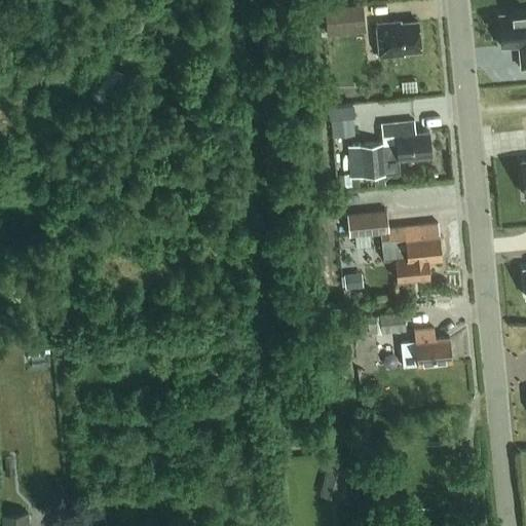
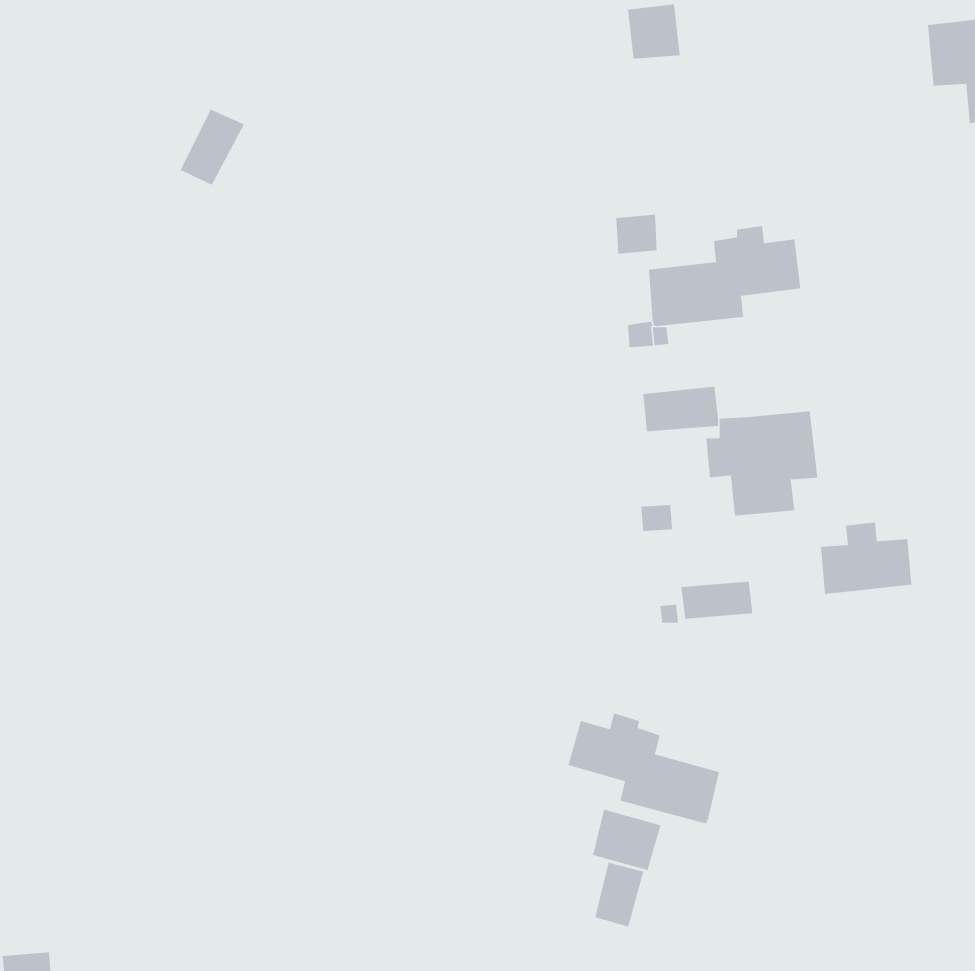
building: [377,21,420,59] -> none
building: [401,329,450,368] -> [820,522,912,594]
building: none -> [568,713,719,824]
building: none -> [593,809,661,871]

